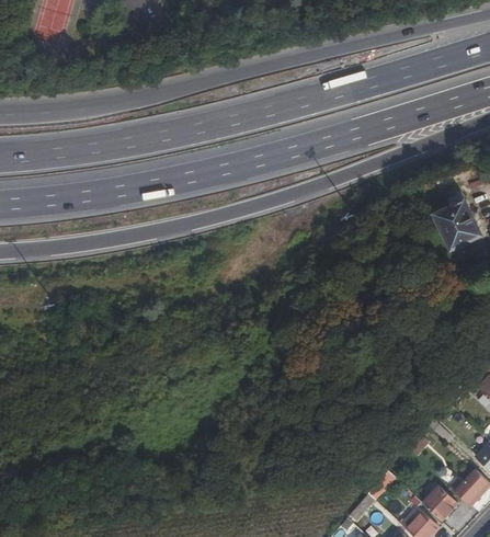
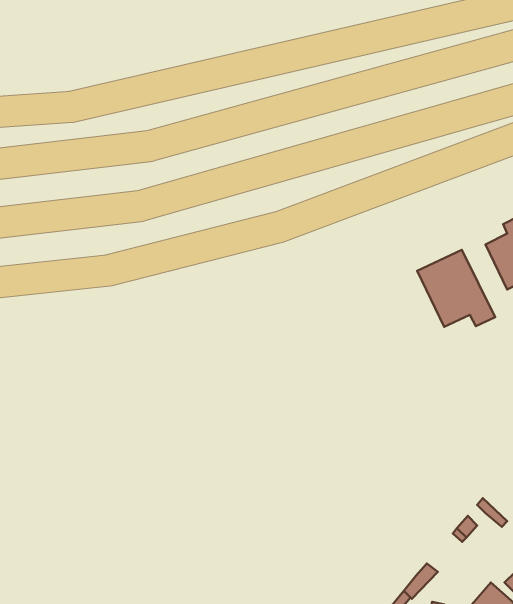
building: none -> [417,250,495,327]

